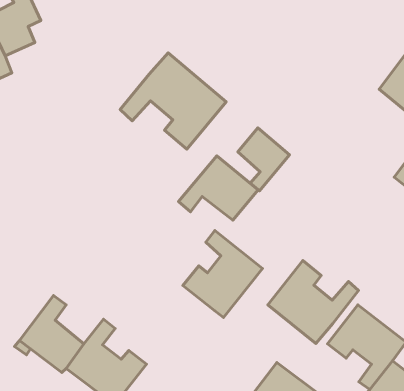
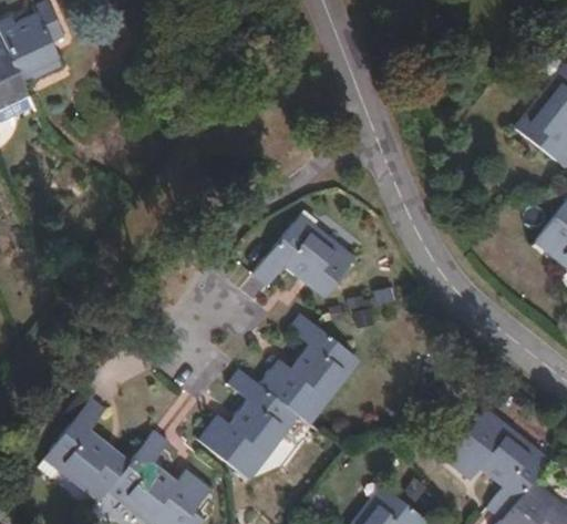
building: [120,53,226,149] -> none
building: [238,128,289,191] -> none
building: [268,261,359,343] -> none
building: none -> [198,369,299,481]

